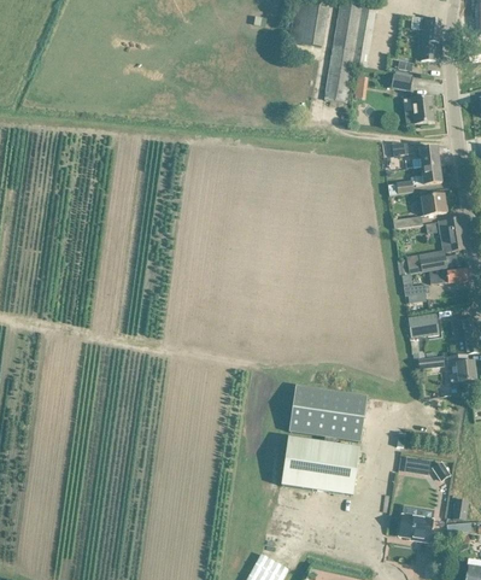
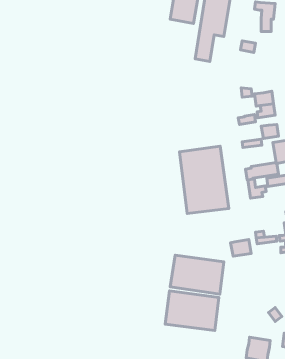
building: [405,95,434,124] -> none
building: none -> [180,146,229,213]
building: [407,312,438,336] -> [231,239,251,256]

